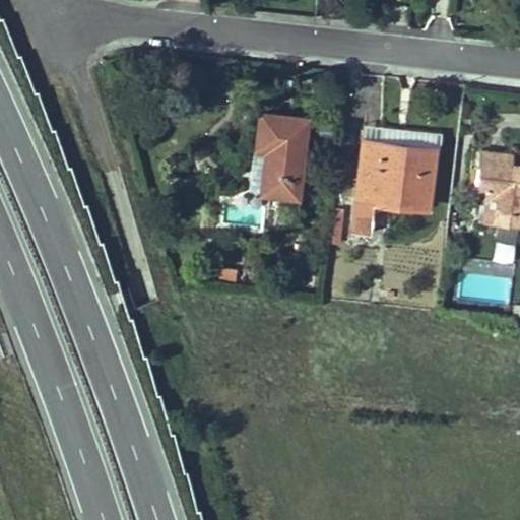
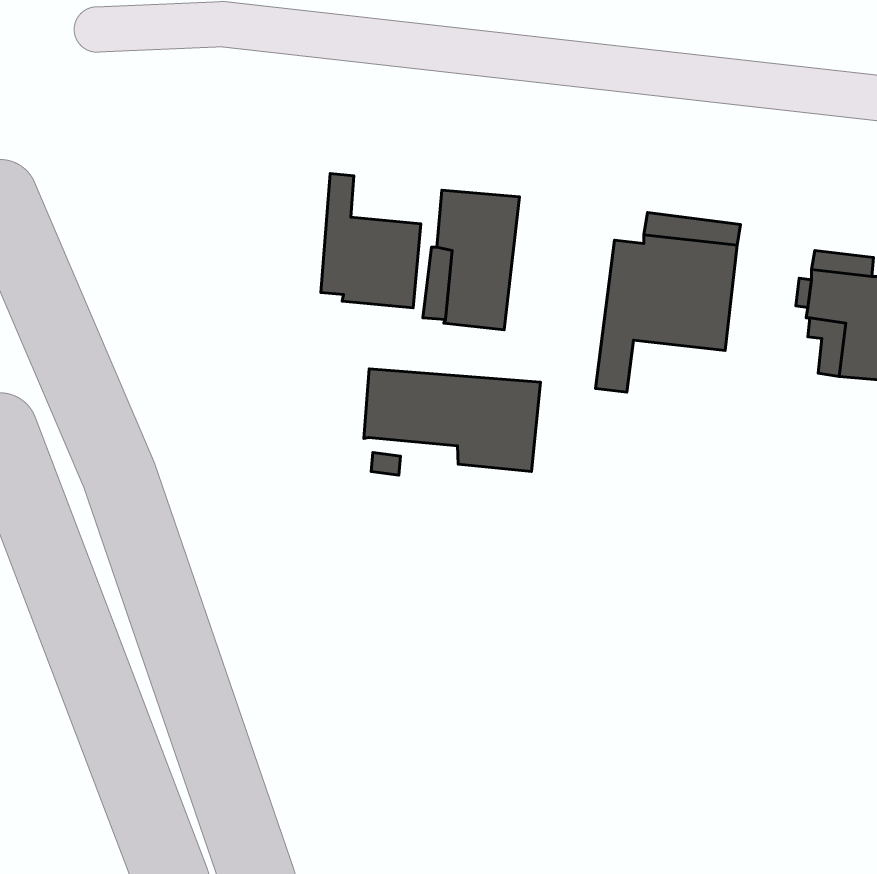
building: none -> [321,174,421,308]
building: none -> [364,369,541,471]

